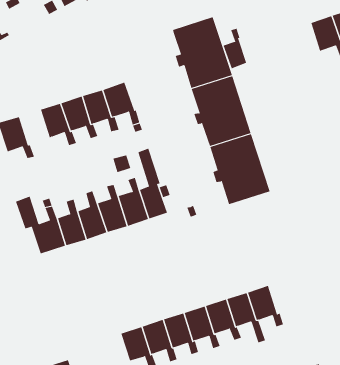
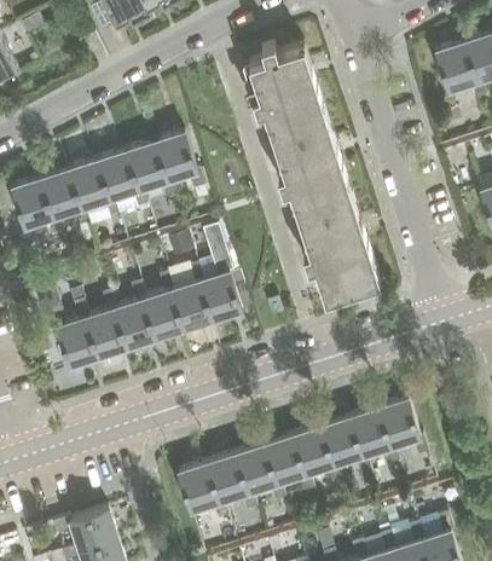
building: [223,28,247,69] -> none
building: none -> [41,170,89,229]
building: none -> [378,399,427,456]

